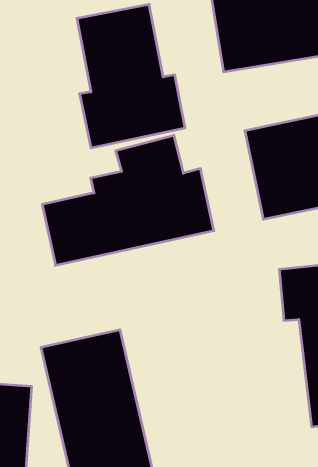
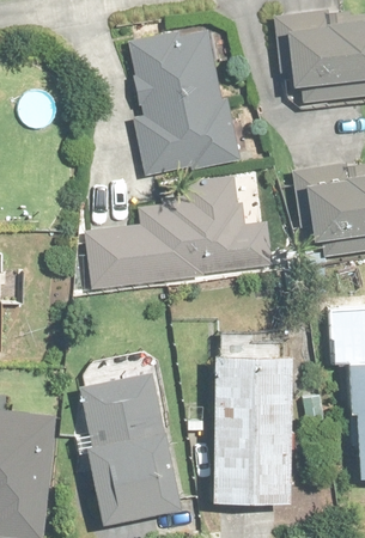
building: none -> [195,350,275,505]

